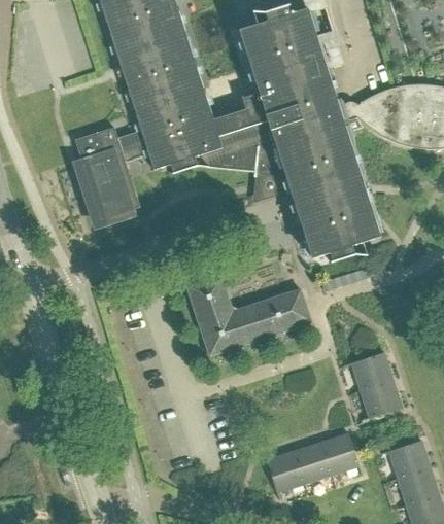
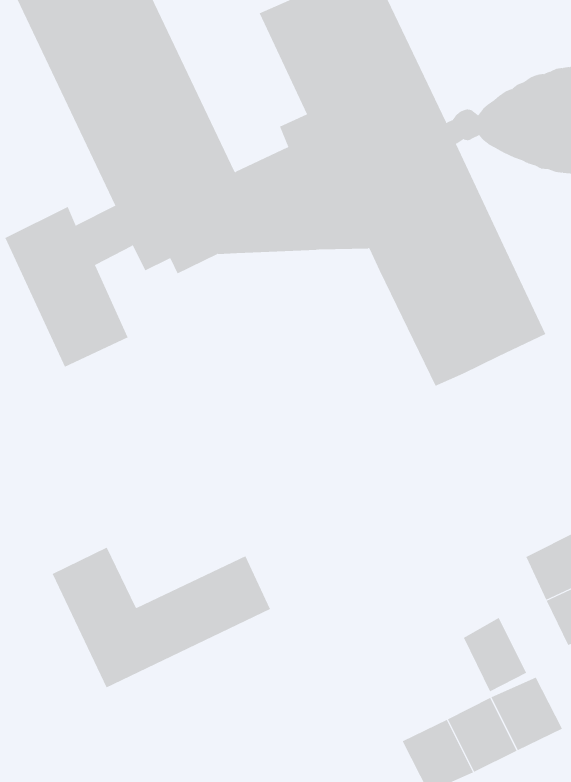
building: [186,274,310,355] -> [52,547,271,688]
building: none -> [463,617,527,692]

